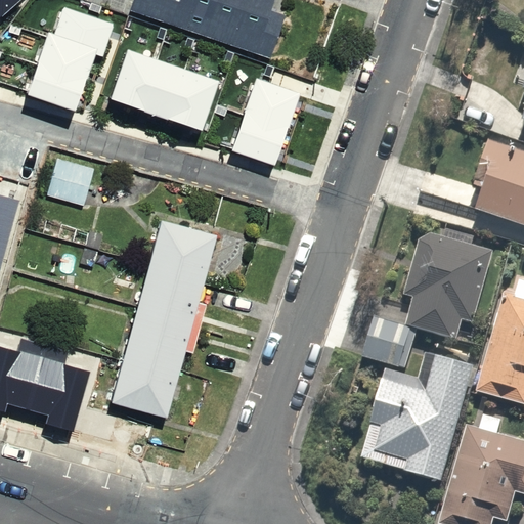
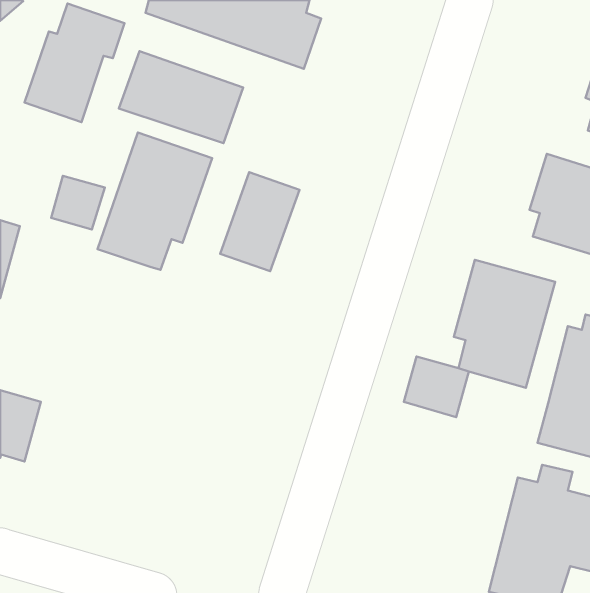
building: [230,77,300,164] -> [220,172,299,271]
building: none -> [97,133,212,270]
building: [110,223,215,422] -> none
building: [364,343,477,478] -> none
building: [26,355,89,429] -> none

